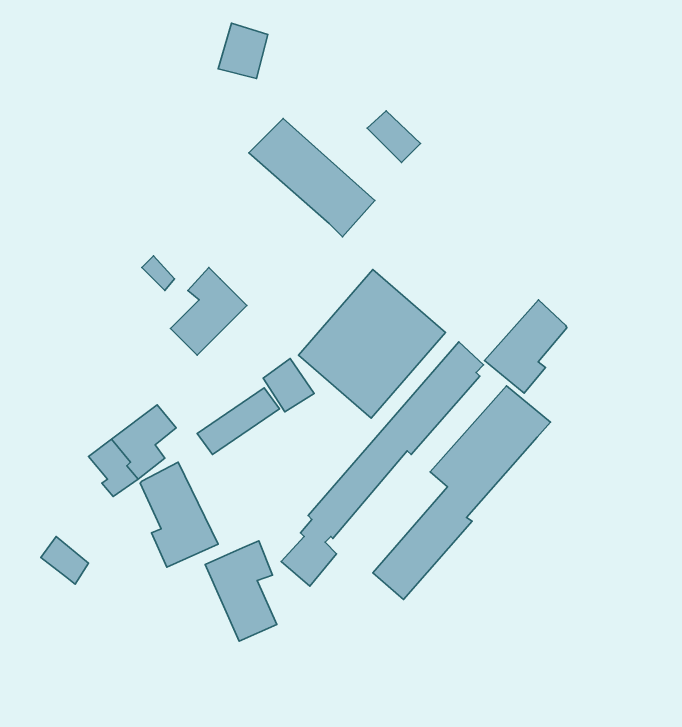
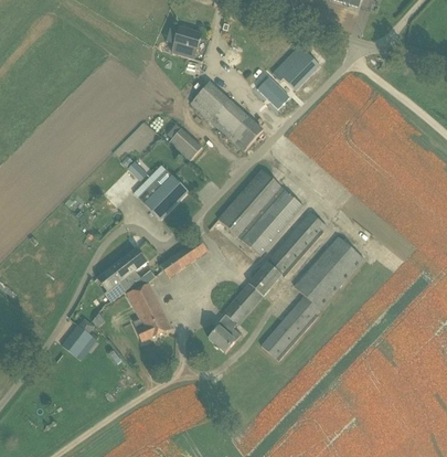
building: none -> [270,44,319,89]
building: none -> [168,128,201,160]
building: [485,300,567,393] -> none
building: [263,359,314,412] -> none
building: [205,541,277,641] -> none

